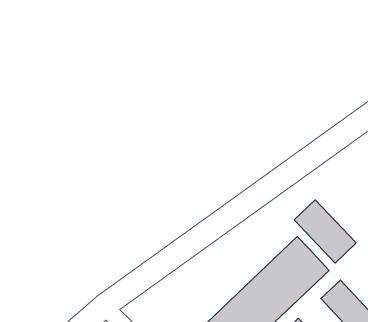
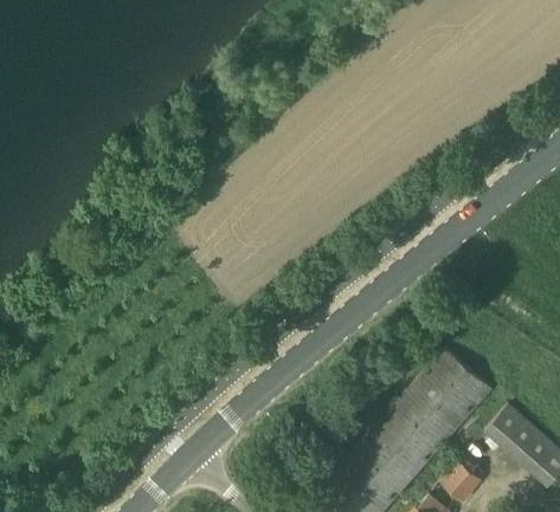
building: [294,200,356,263] -> none

